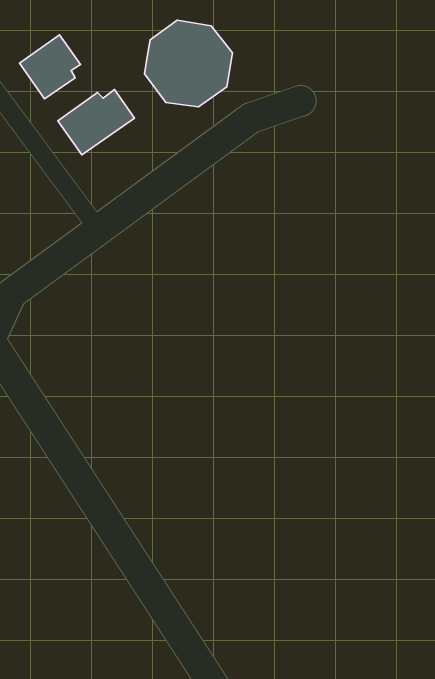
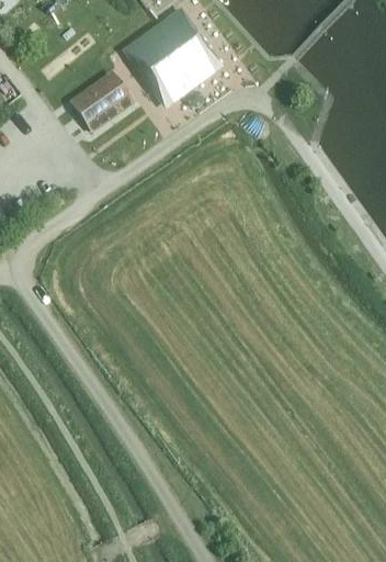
building: [19,35,80,99] -> none

